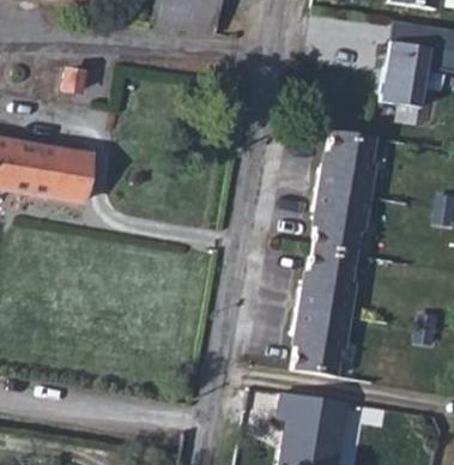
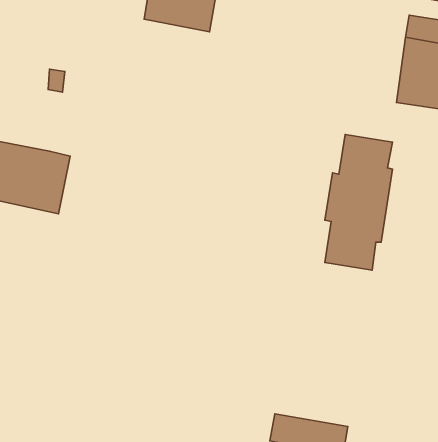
building: [297,249,362,379] -> none

